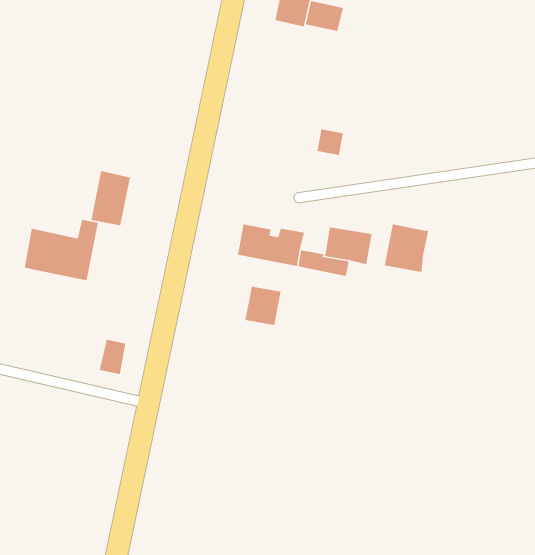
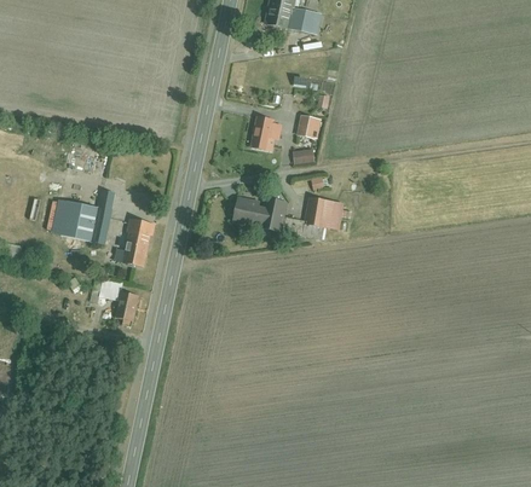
building: none -> [252,117,283,150]
building: [91,170,131,226] -> [120,218,154,265]
building: [384,224,429,273] -> none
building: [245,286,282,326] -> none

